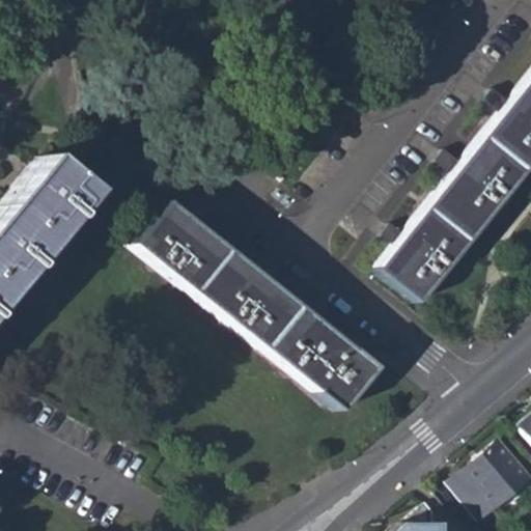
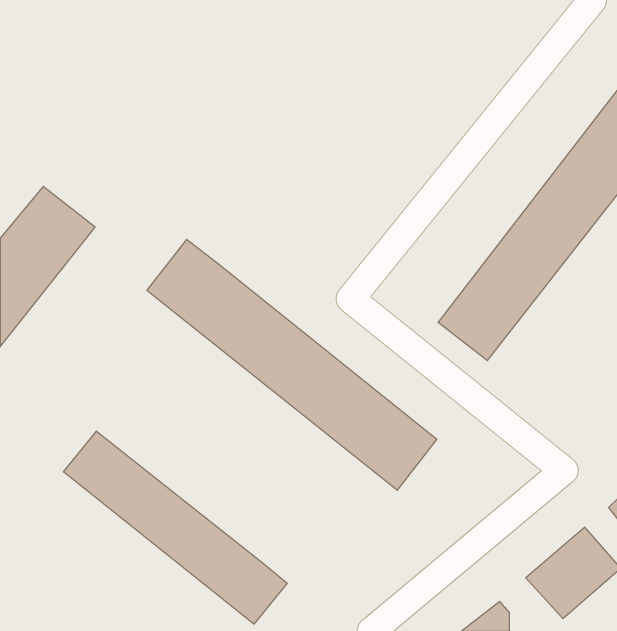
building: none -> [63,431,287,624]

